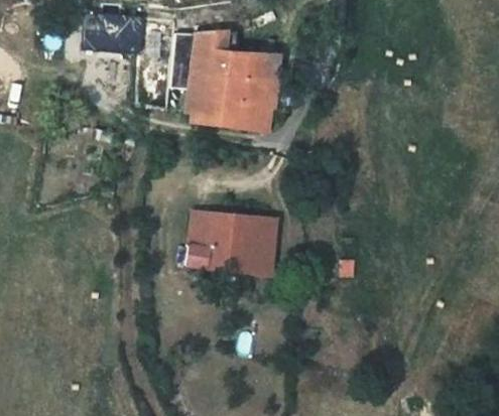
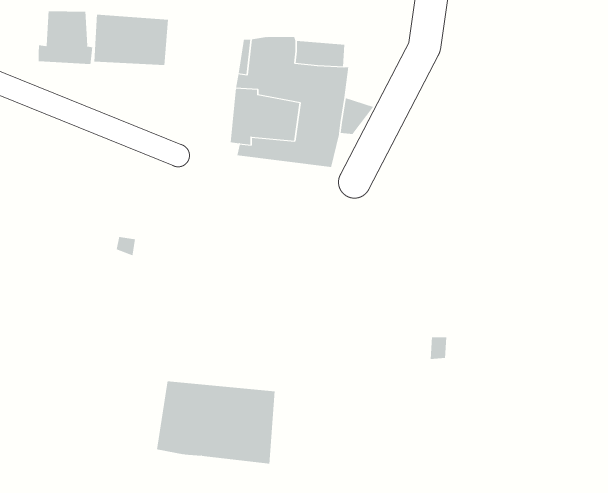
building: none -> [38,10,93,65]
building: [183,212,274,275] -> [156,381,275,464]

